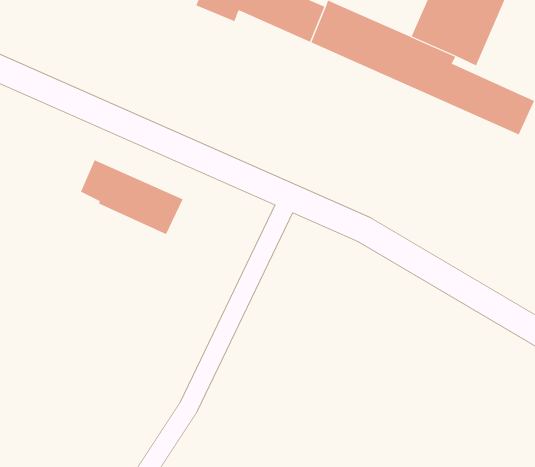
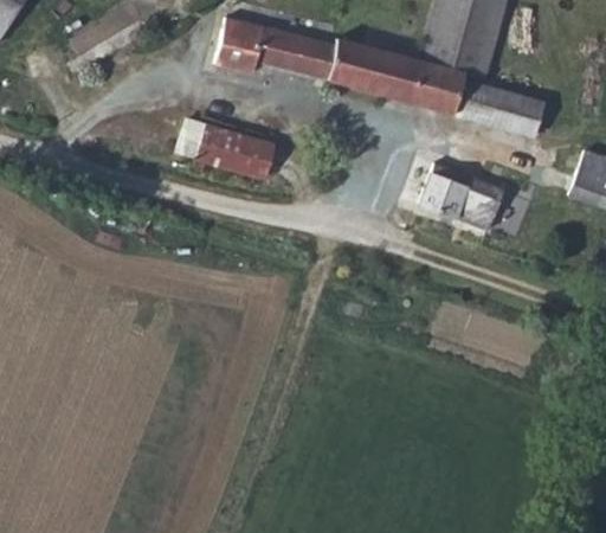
building: none -> [420,162,504,230]
building: [80,160,183,235] -> [179,120,276,179]

